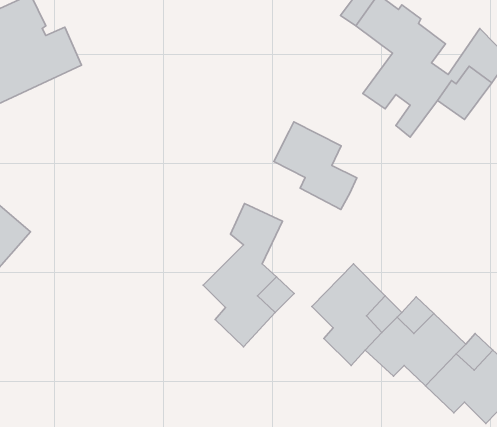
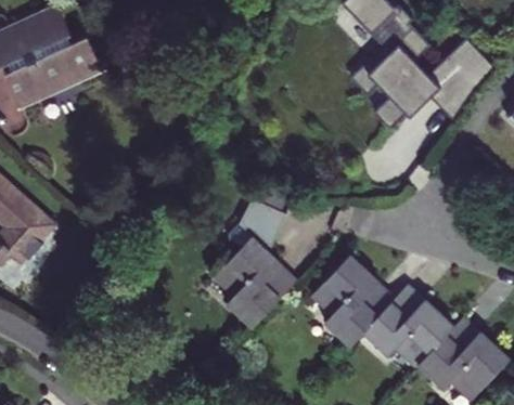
building: [274,122,357,210] -> none

